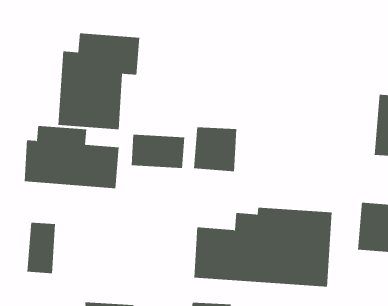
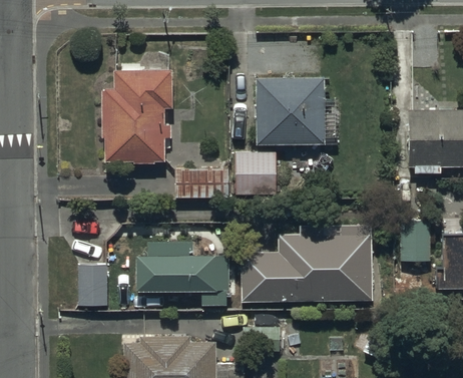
building: none -> [256,79,324,147]
building: [24,125,119,189] -> [134,240,226,296]

